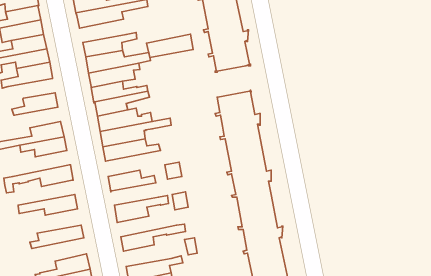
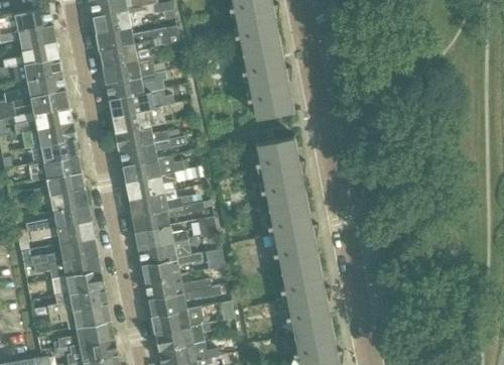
building: [146,34,193,58] -> [102,55,154,82]
building: none -> [22,121,76,144]
building: none -> [29,154,81,179]
building: none -> [131,200,211,232]
building: none -> [25,203,91,232]
building: none -> [20,236,97,266]
building: none -> [138,237,198,264]
building: none -> [50,268,105,295]
building: none -> [144,276,211,299]
building: none -> [48,300,110,329]
building: none -> [151,306,205,333]

